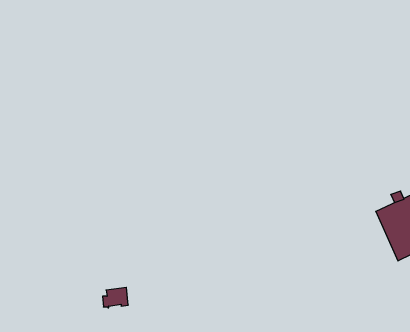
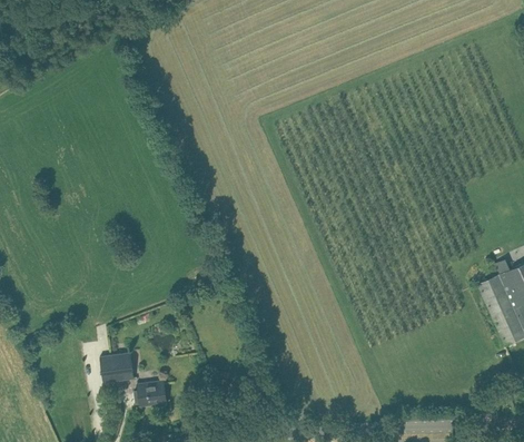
building: none -> [101,354,136,383]

